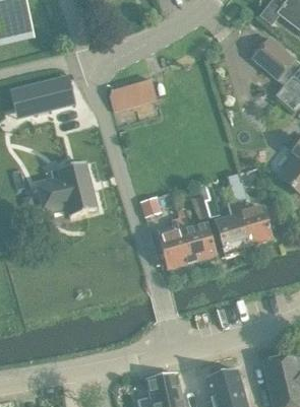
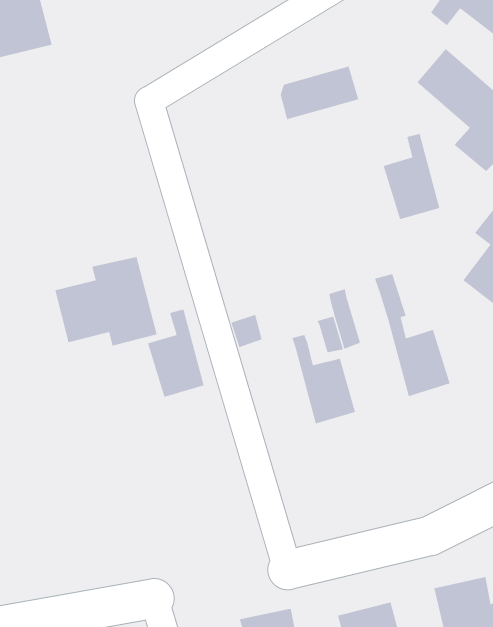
building: [11,75,75,113] -> none
building: [110,77,158,110] -> [280,66,359,120]
building: [214,184,248,253] -> [383,105,440,220]
building: [158,210,192,269] -> [147,299,205,397]

